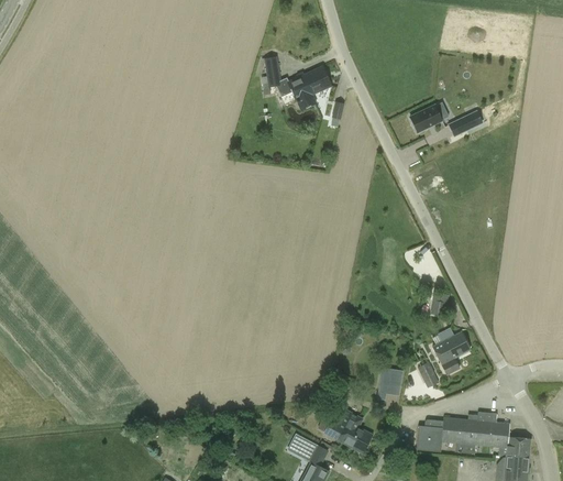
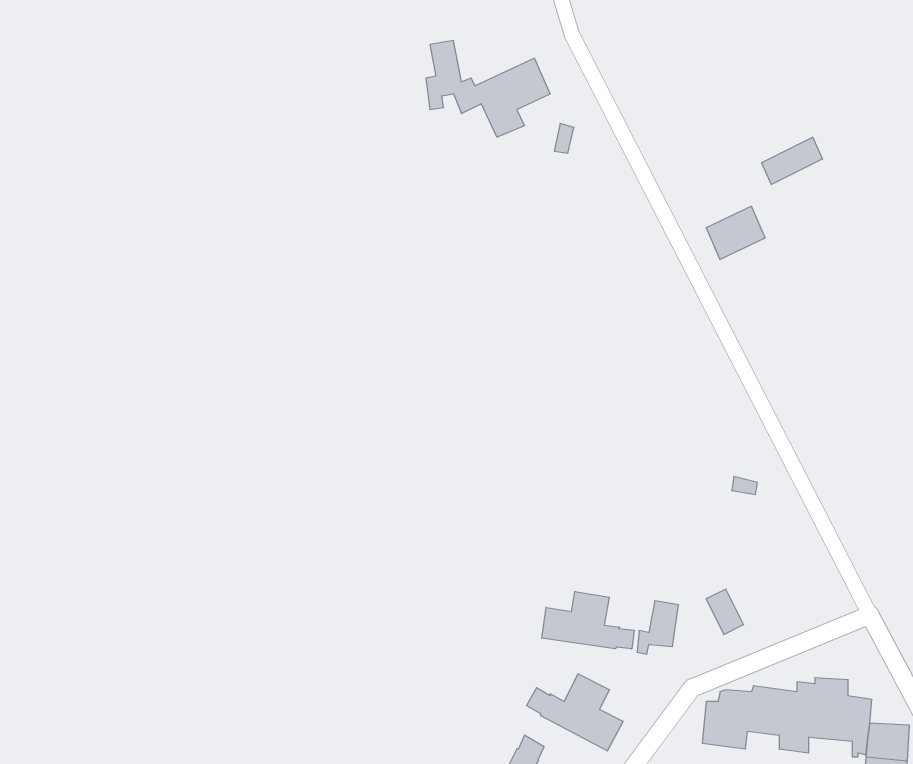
building: [409,103,442,133] -> [706,206,765,260]
building: [431,328,470,374] -> none
building: none -> [542,591,634,649]

